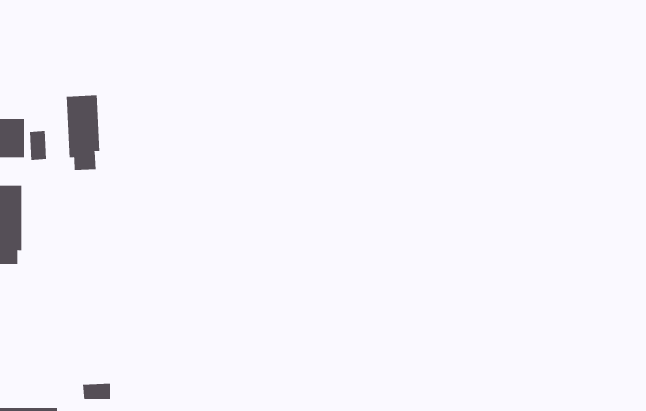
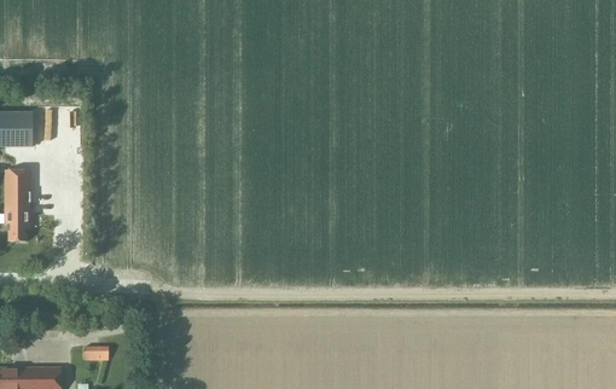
building: [66,95,100,171] -> none

